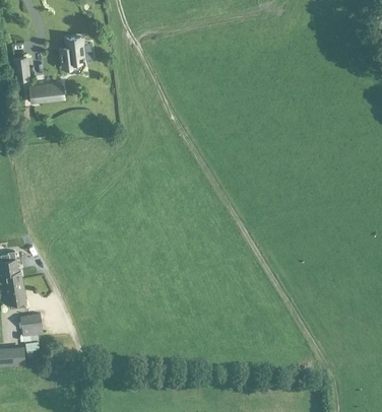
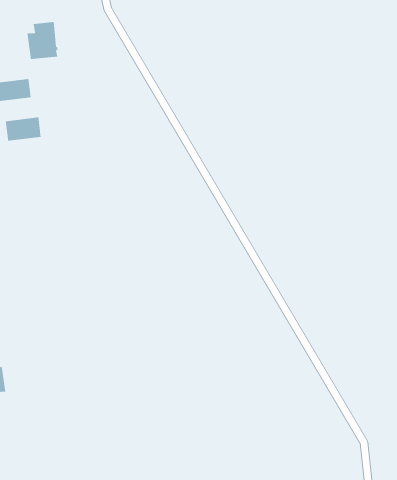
building: none -> [5,117,41,142]

